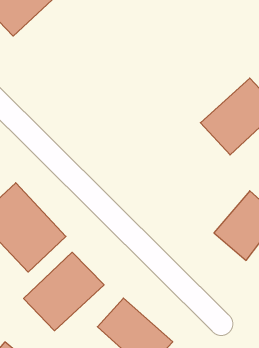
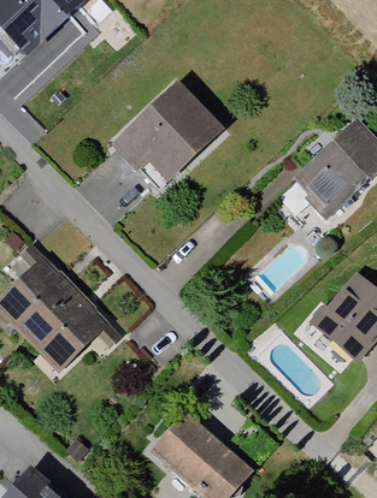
building: none -> [113,82,225,190]
building: [24,252,104,331] -> none

